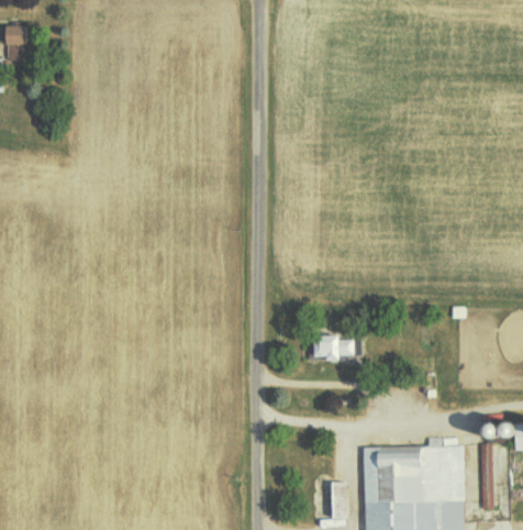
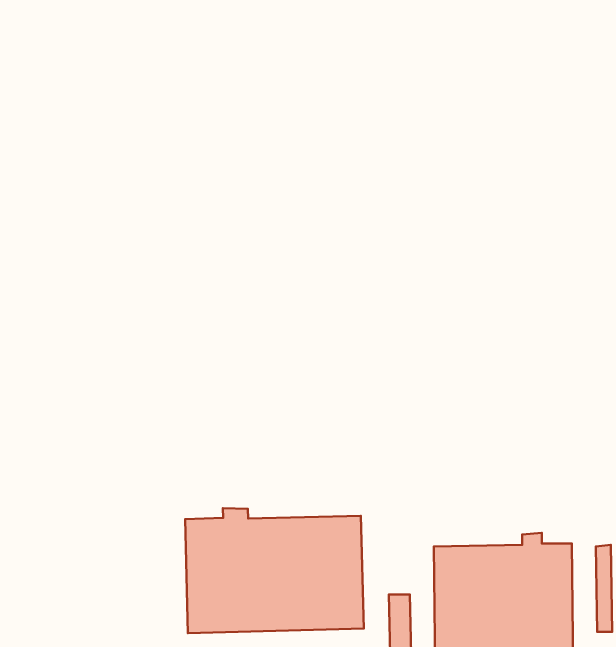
building: [310,334,353,356] -> none
building: none -> [185,508,364,633]

